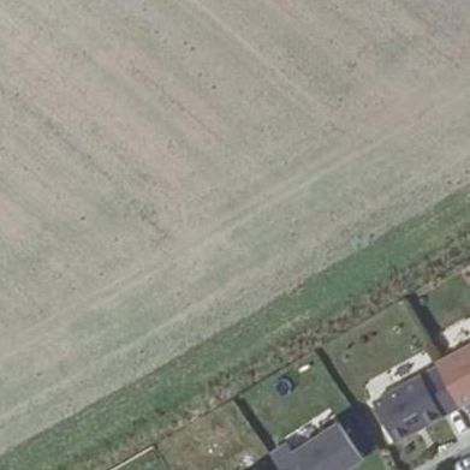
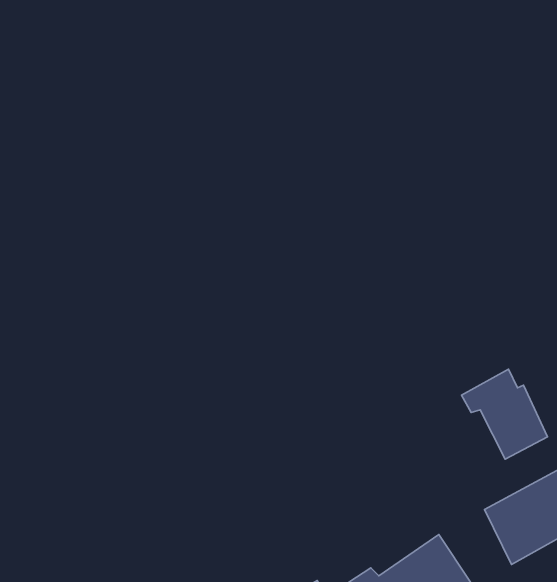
building: none -> [461,369,547,459]

